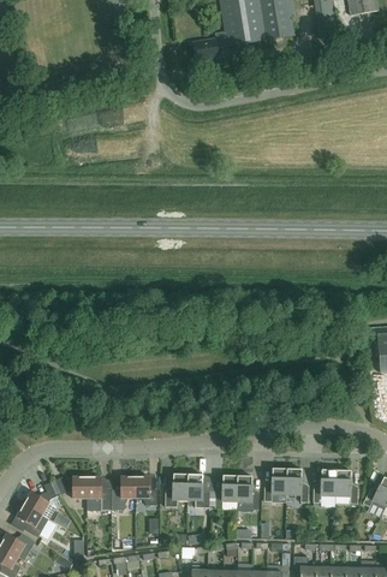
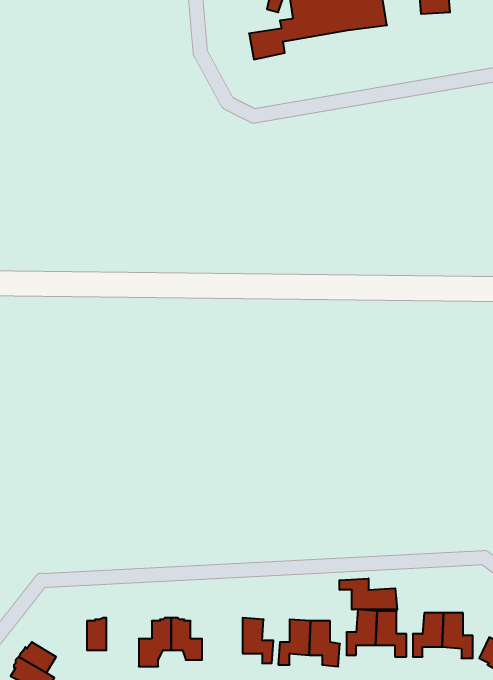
building: none -> [340,578,397,610]
building: [87,474,111,510] -> none
building: [165,474,187,507] -> none

